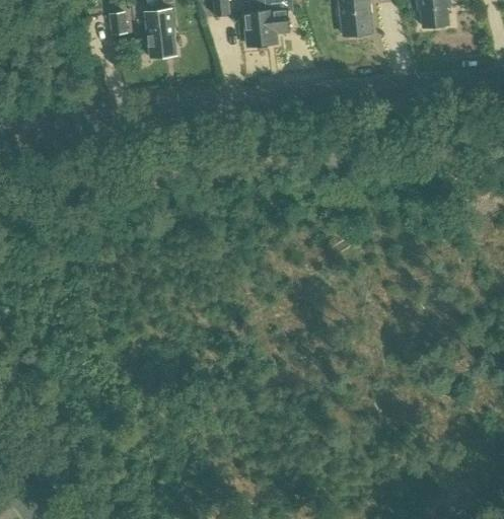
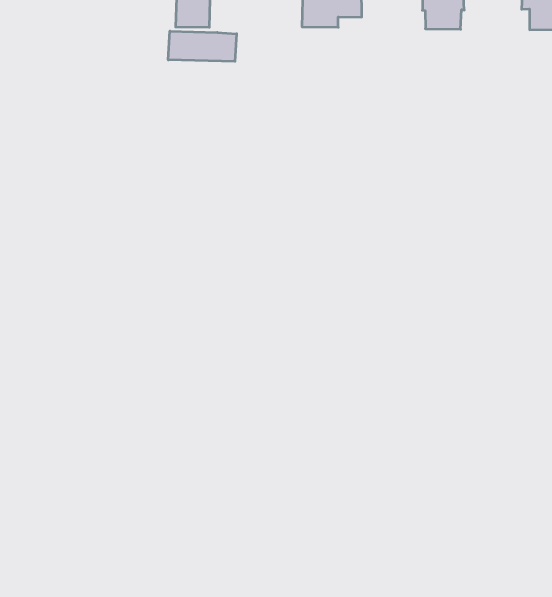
building: none -> [168,31,237,61]

